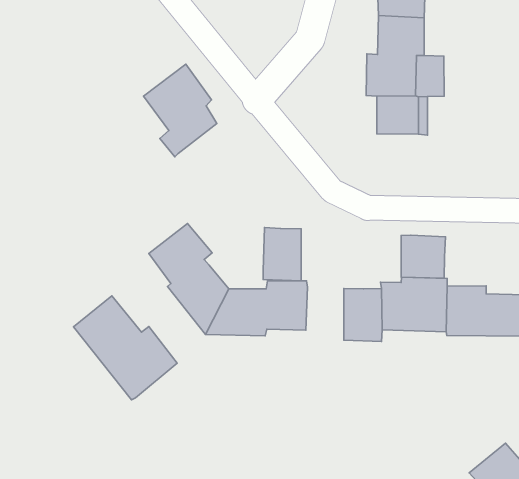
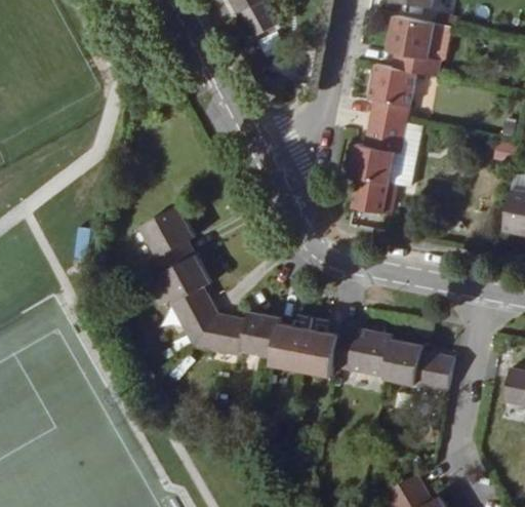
building: [144,64,217,157] -> [138,204,193,276]
building: [263,227,301,281] -> [271,322,308,369]
building: [401,235,445,278] -> none
building: [73,296,177,400] -> none

